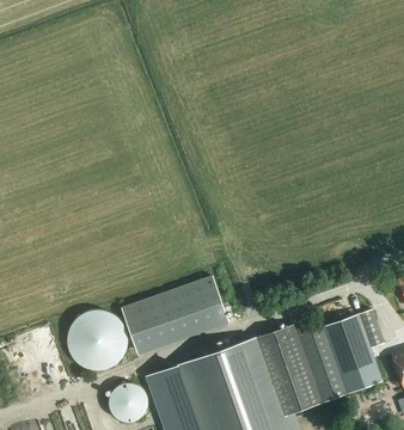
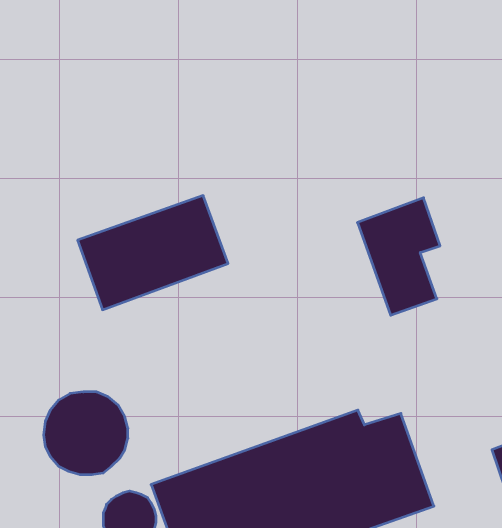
building: [122,275,231,357] -> [78,196,228,310]
building: [325,308,385,393] -> [357,198,440,315]

